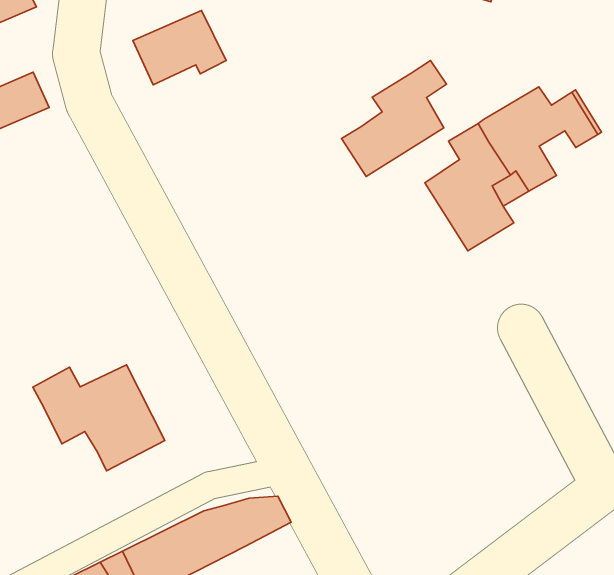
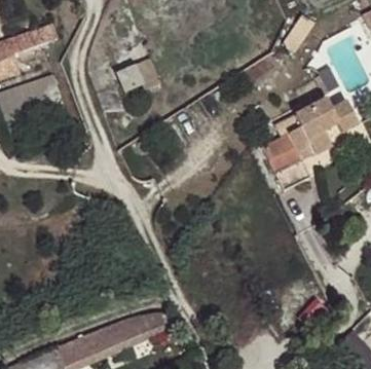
building: [342,60,447,176] -> none
building: [33,365,165,471] -> none

